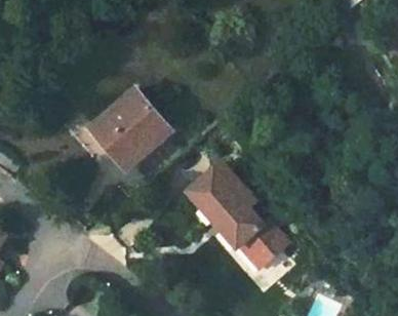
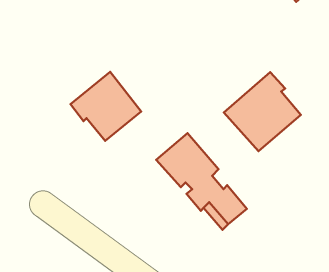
building: none -> [224,72,301,151]

